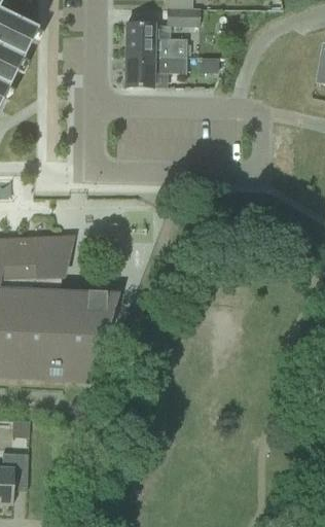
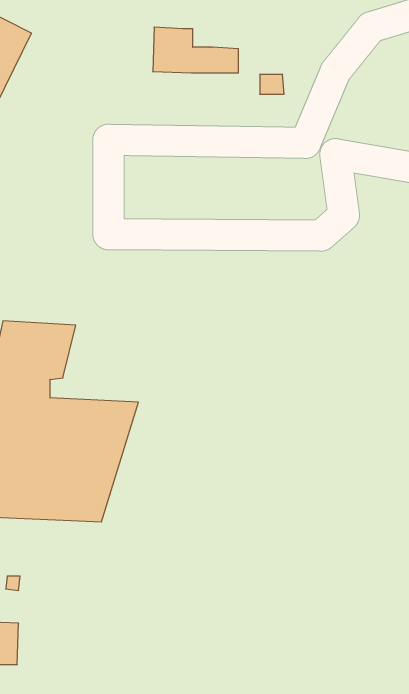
building: [167,7,200,25] -> none
building: [124,55,187,86] -> none

